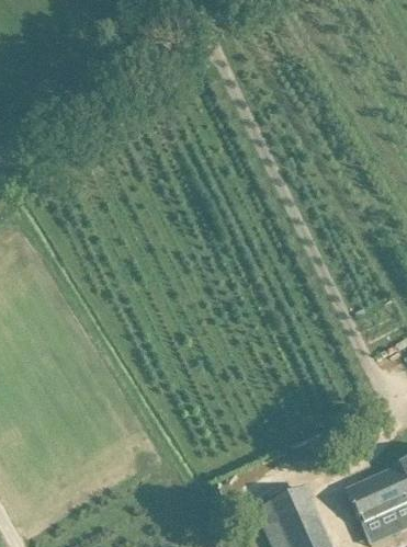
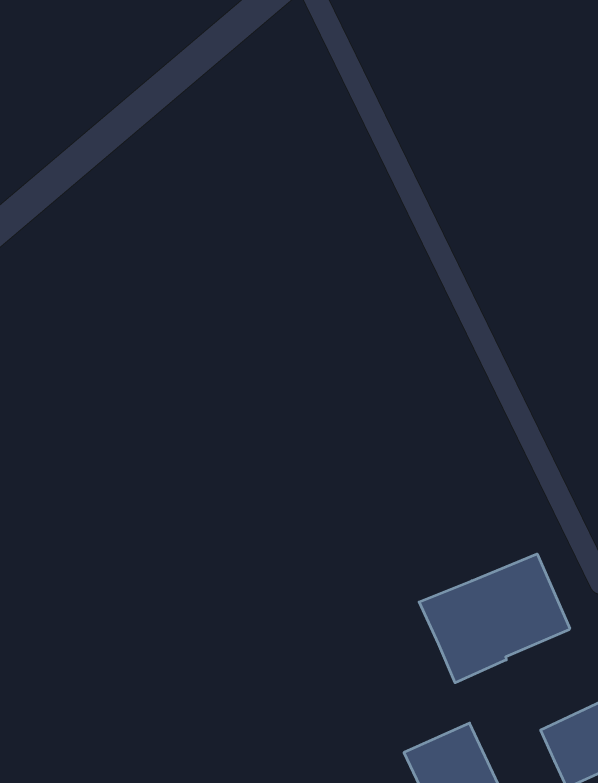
building: none -> [419,554,570,683]

